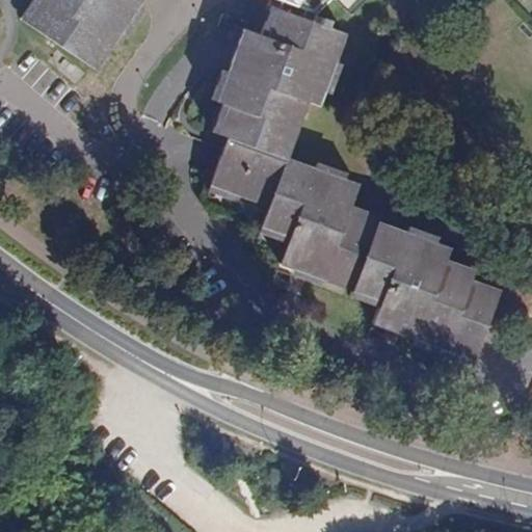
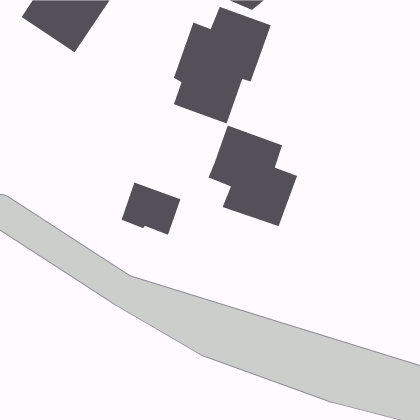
building: [211,135,288,204] -> [121,182,182,236]
building: [353,221,499,357] -> none

